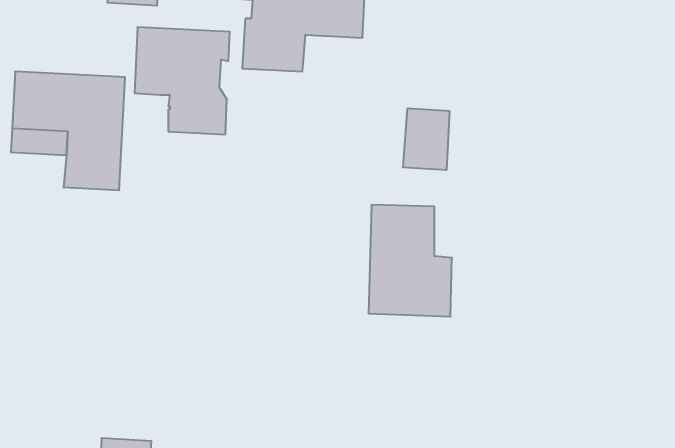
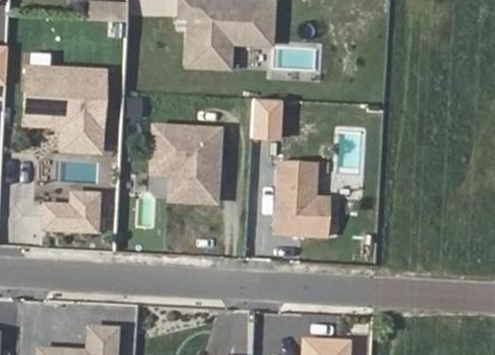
building: [135,27,230,134] -> [152,126,218,201]
building: [403,108,450,170] -> [252,100,285,143]
building: none -> [43,192,96,229]

